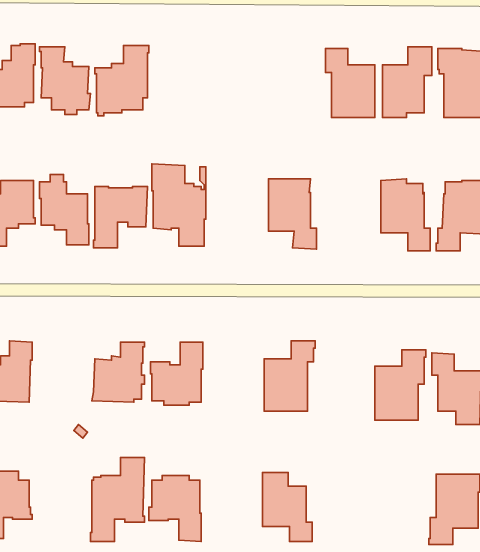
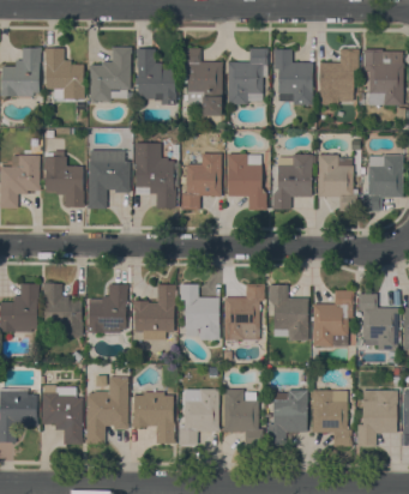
building: none -> [137,48,176,104]
building: none -> [182,48,222,115]
building: none -> [228,48,267,104]
building: none -> [181,152,222,210]
building: none -> [272,153,312,209]
building: none -> [43,282,83,337]
building: none -> [180,284,219,339]
building: none -> [269,284,308,339]
building: none -> [41,384,83,444]
building: none -> [179,388,218,445]
building: none -> [267,390,307,445]
building: none -> [312,390,353,446]

